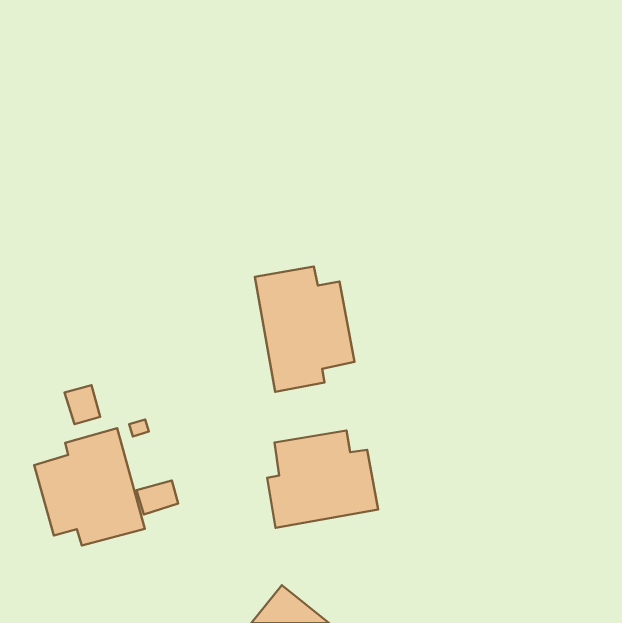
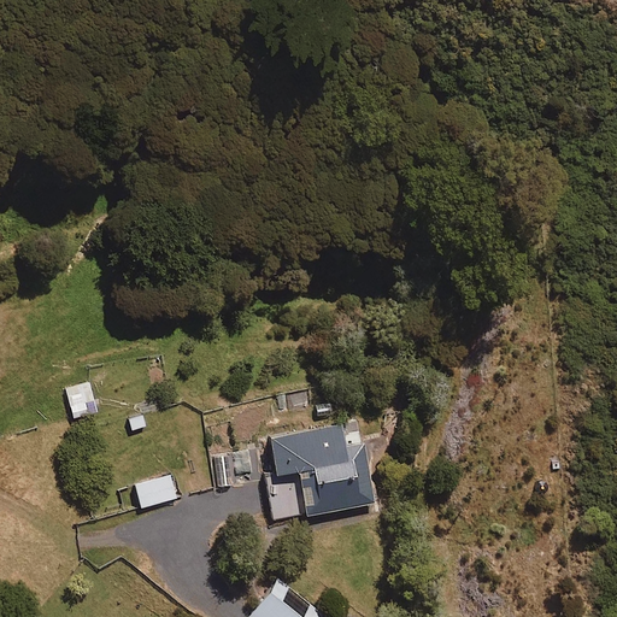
building: [255,267,354,392] -> none
building: [34,428,145,546] -> none

